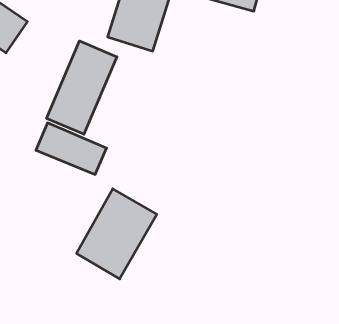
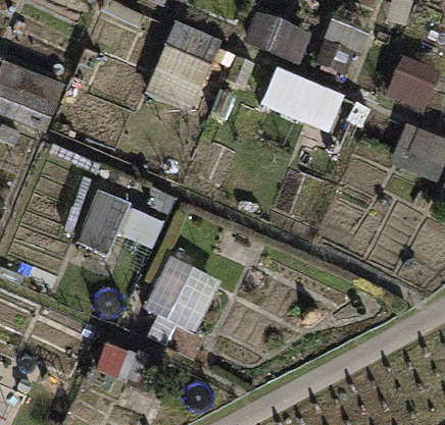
building: none -> [257,65,345,140]
building: [47,41,117,134] -> none

